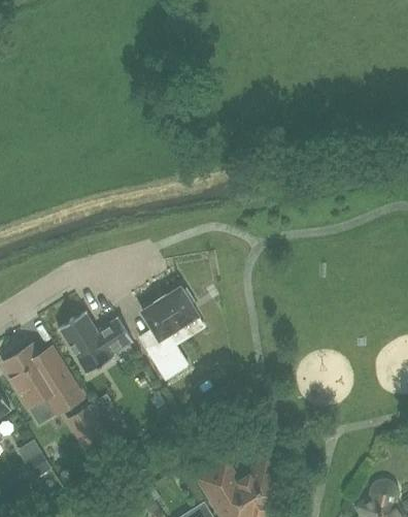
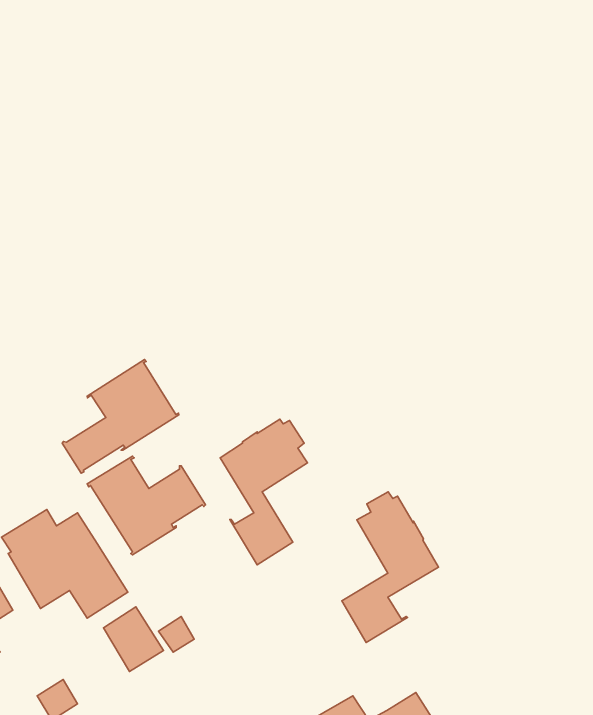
building: none -> [62,359,179,473]
building: none -> [342,492,438,643]

